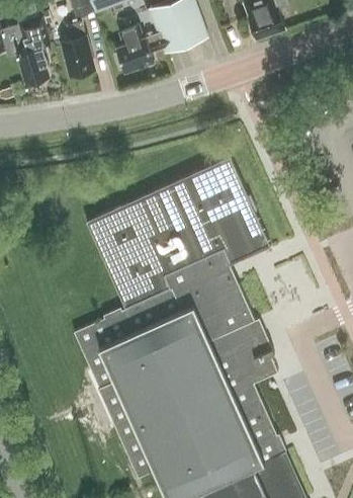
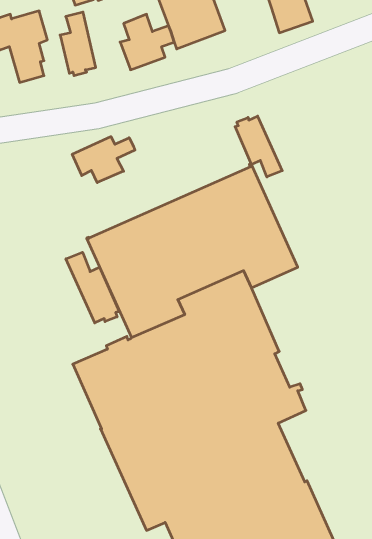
building: none -> [235,116,282,177]
building: none -> [72,137,135,183]
building: none -> [66,252,119,323]

